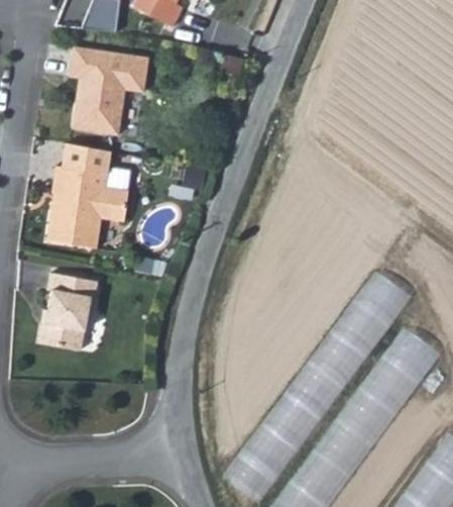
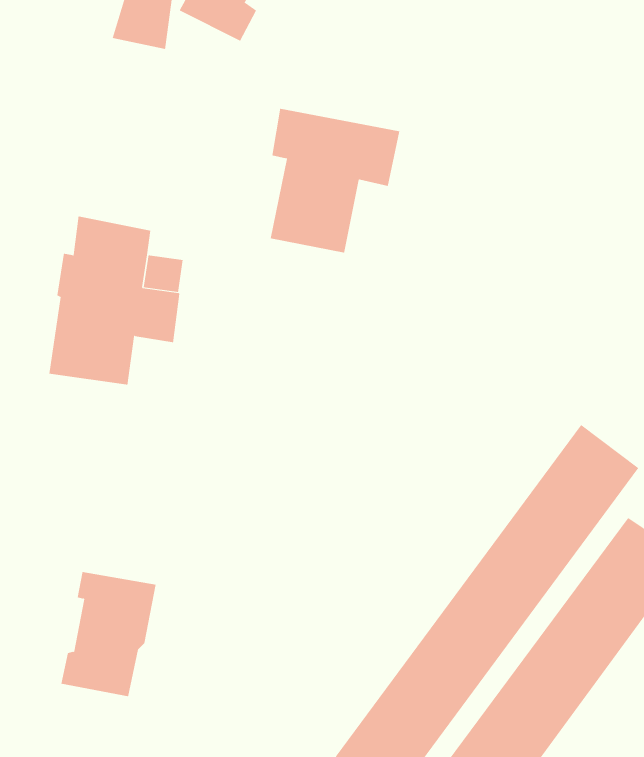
building: [71,45,151,135] -> [270,108,400,253]
building: [36,271,96,348] -> [61,571,157,697]

